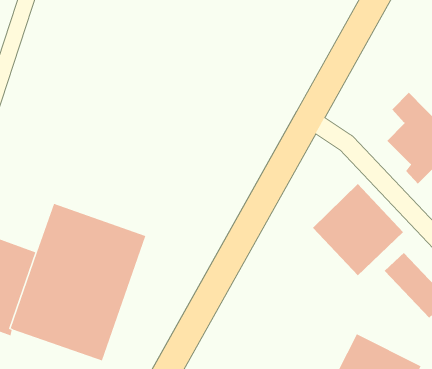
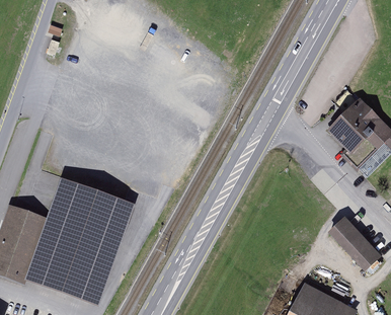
building: [312,183,404,276] -> none

